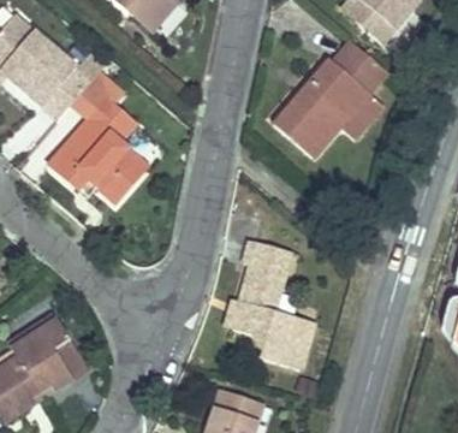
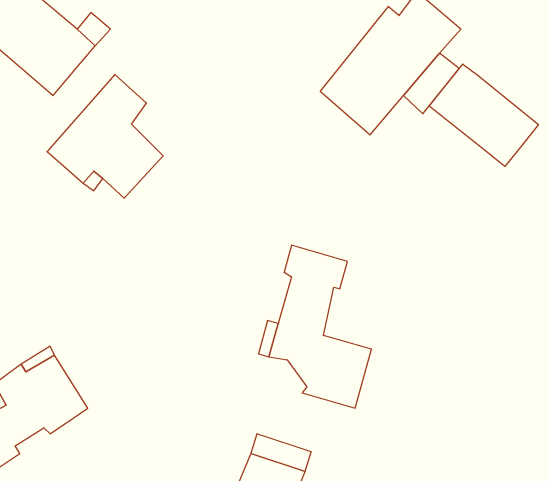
building: none -> [429,64,539,166]

